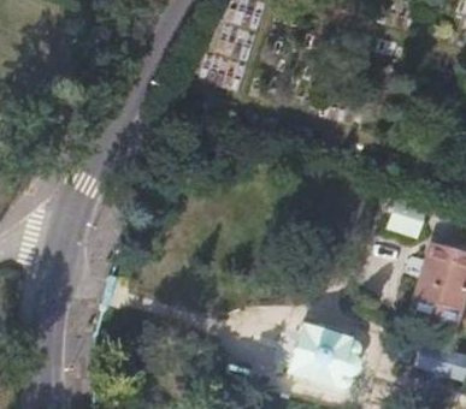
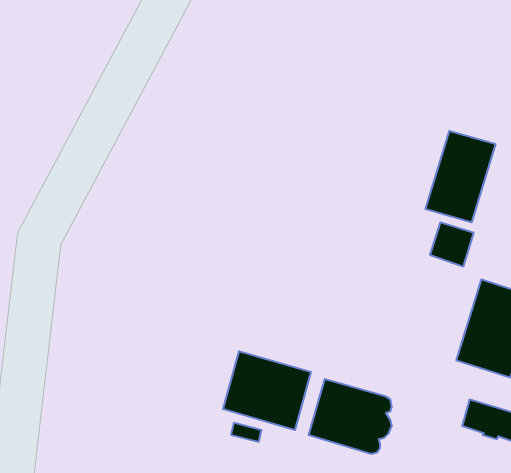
building: none -> [426,131,495,222]
building: none -> [223,351,311,430]

